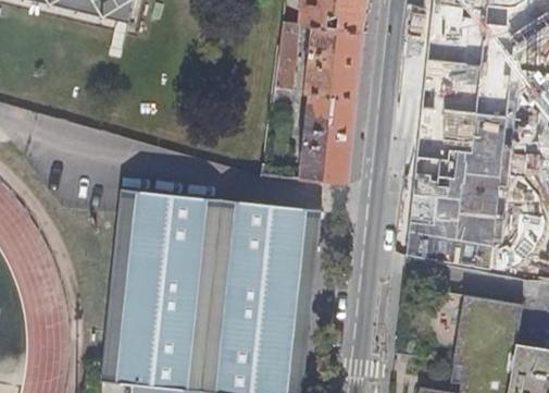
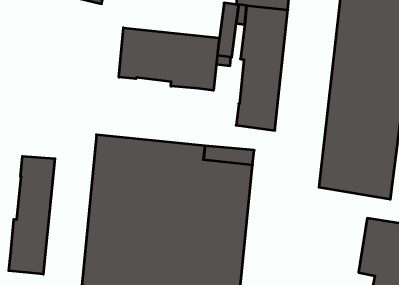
building: none -> [119,28,219,90]
building: none -> [9,156,55,274]

